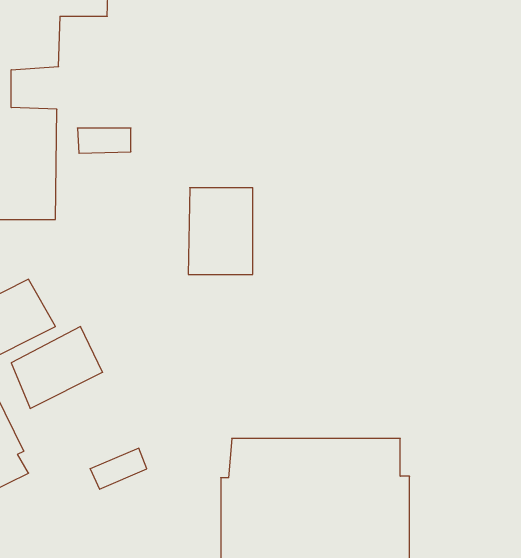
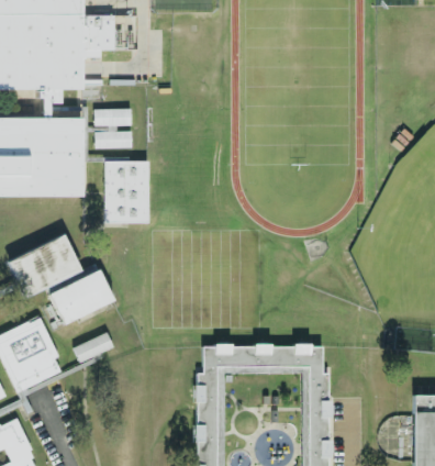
building: none -> [96,109,133,125]
building: [188,188,253,274] -> [103,163,148,223]
building: [90,448,147,489] -> [75,333,114,362]

